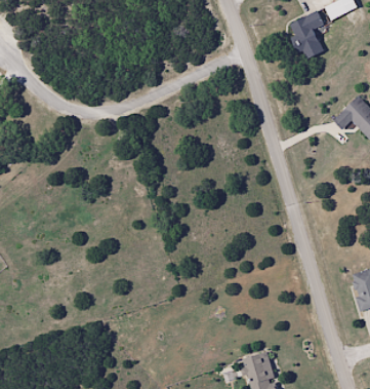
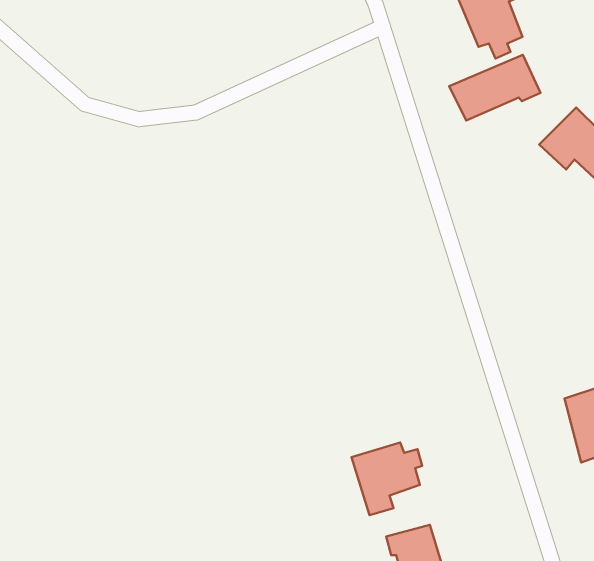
building: none -> [449,55,540,121]
building: none -> [351,442,422,515]

